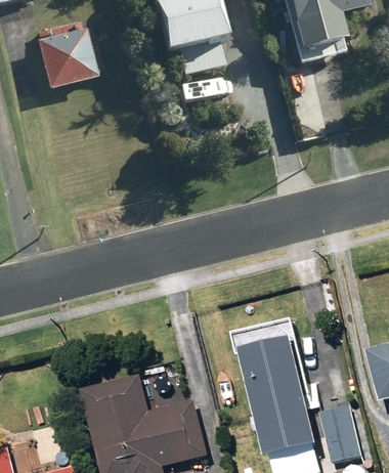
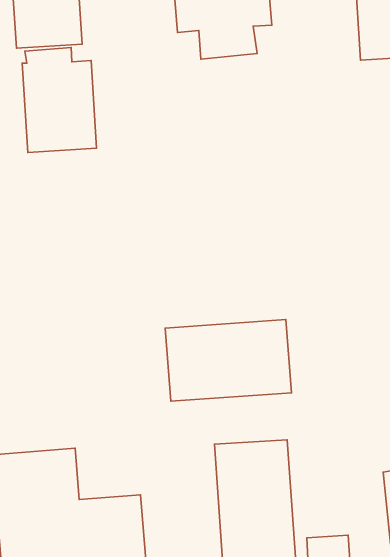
building: none -> [22,47,96,153]
building: none -> [165,320,292,401]

